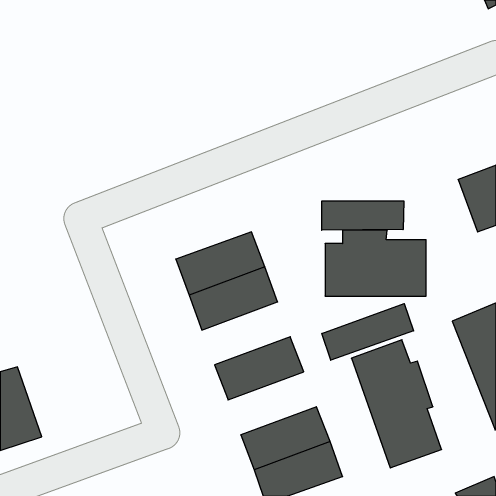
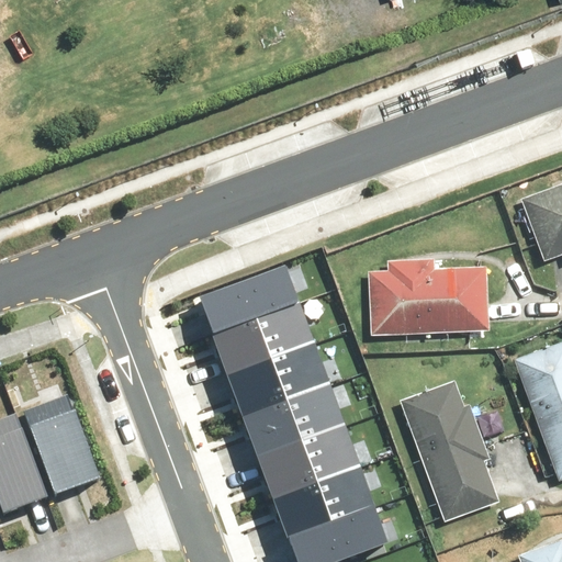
building: [322,201,404,230] -> none
building: none -> [228,341,328,413]
building: [322,304,414,360] -> none
building: none -> [20,396,99,494]
building: none -> [258,420,358,492]

